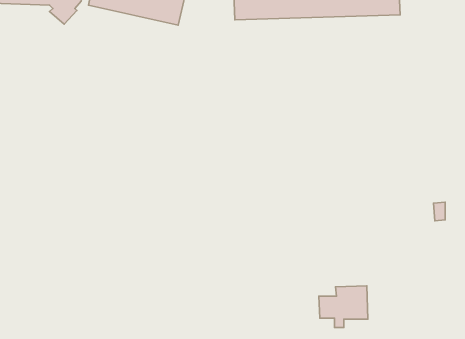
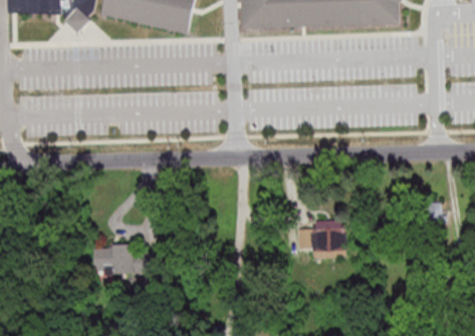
building: none -> [93,245,134,279]
building: [319,286,368,328] -> [298,219,345,259]

